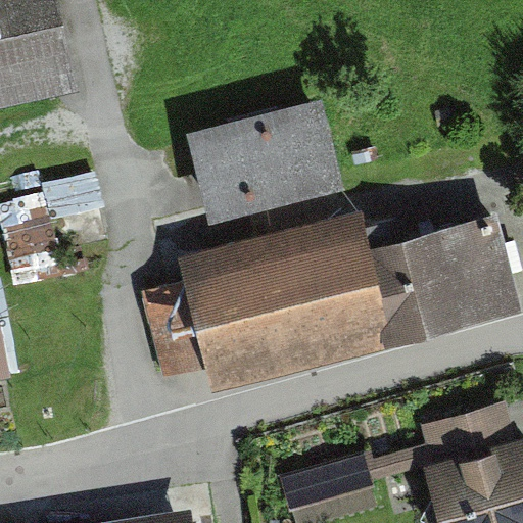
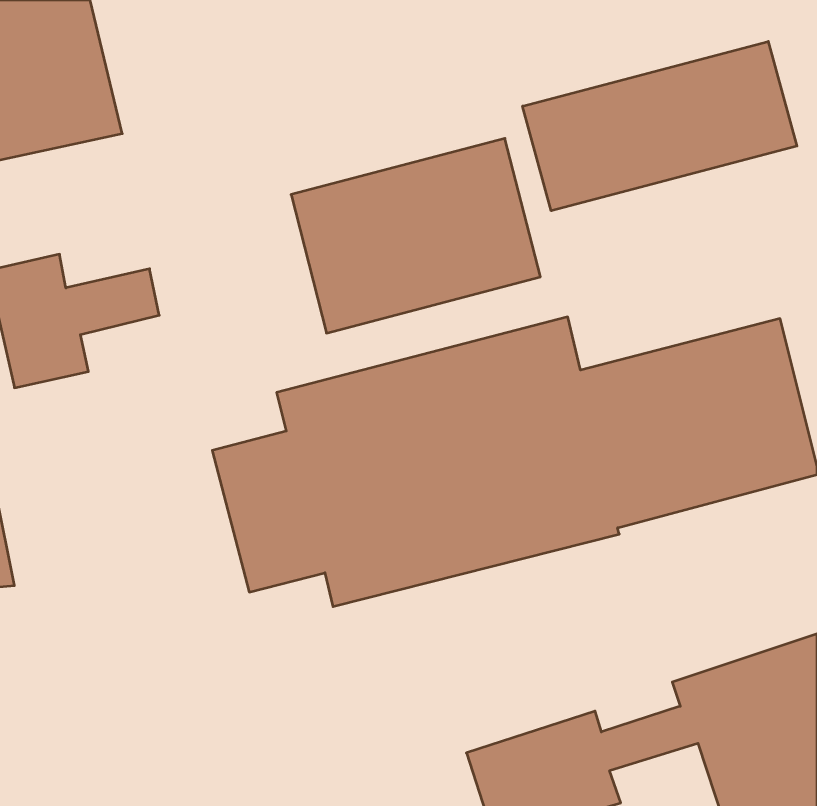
building: none -> [523,41,797,211]

